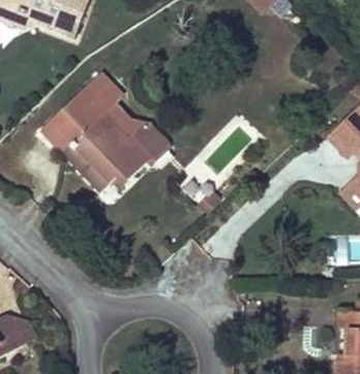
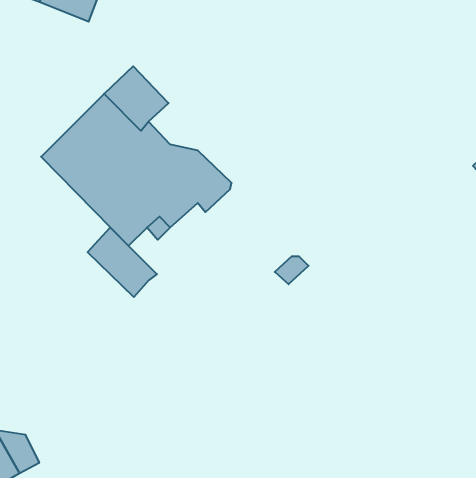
building: none -> [88,227,157,297]

